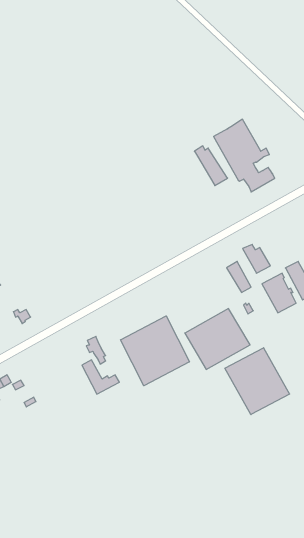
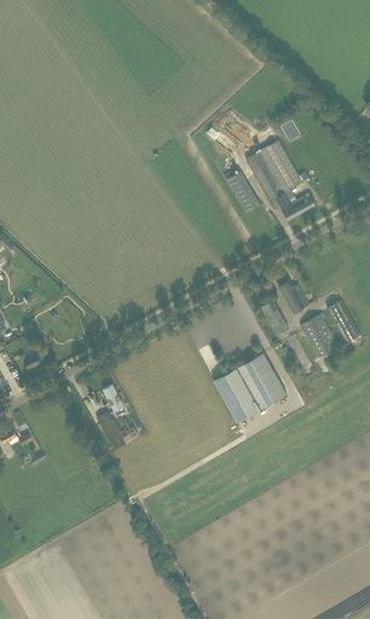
building: [121,316,189,386] -> none
building: [225,348,290,415] -> none

